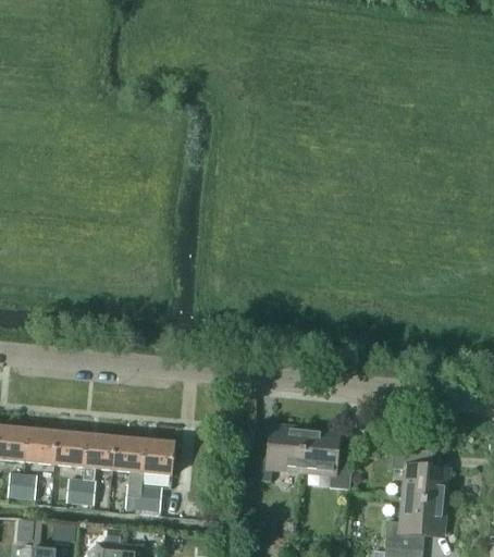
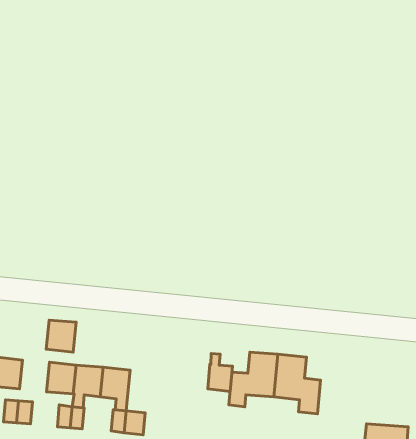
building: none -> [208,353,232,391]
building: [24,430,57,465] -> [46,320,76,352]
building: [141,441,174,475] -> none
building: [392,449,452,503] -> none

